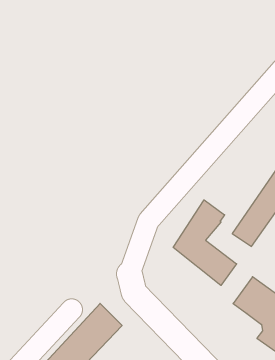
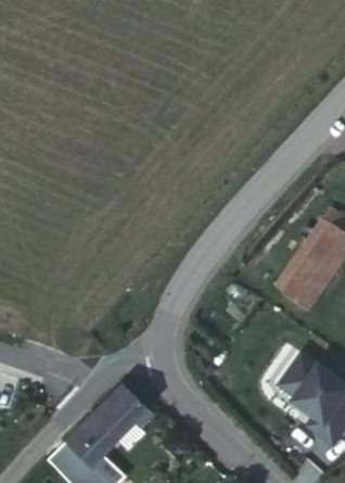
building: [173,200,237,285] -> none

